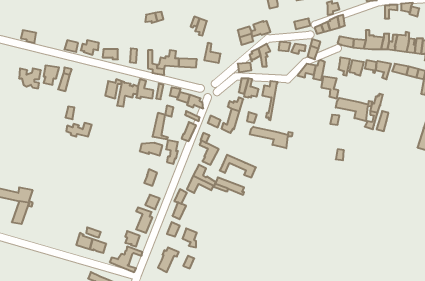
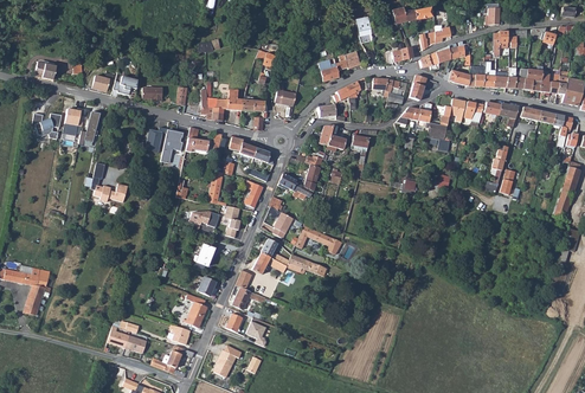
building: [336,98,372,121] -> none
building: [250,127,292,148] -> none

